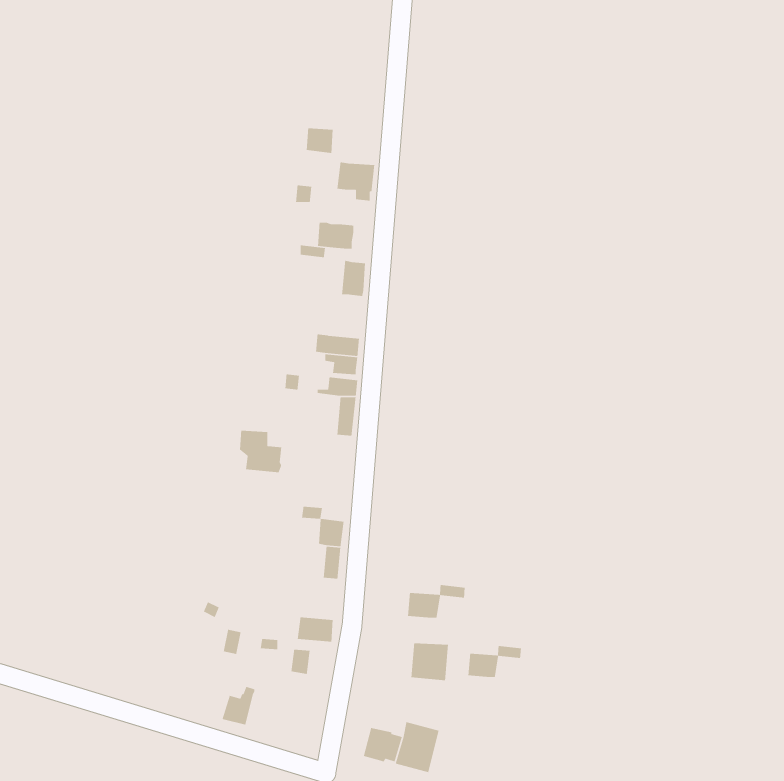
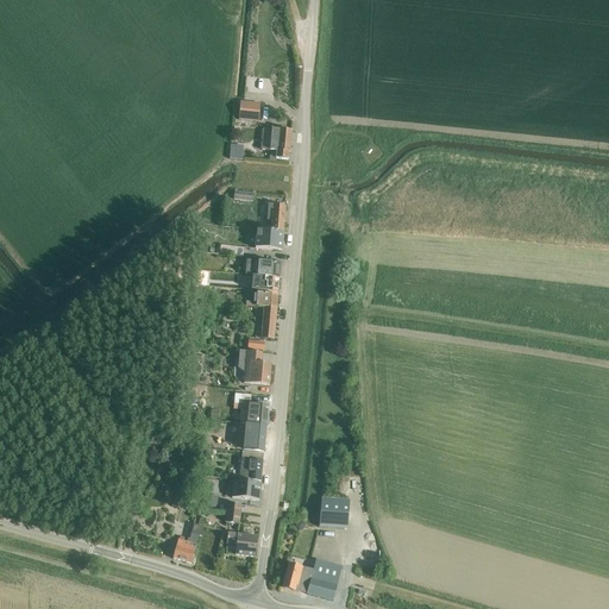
building: [317,222,354,250] -> [253,227,282,249]
building: [239,430,282,473] -> [237,350,270,383]
building: none -> [238,448,262,478]
building: [407,584,466,619] -> none
building: [468,645,522,678] -> none
building: none -> [226,530,256,554]

